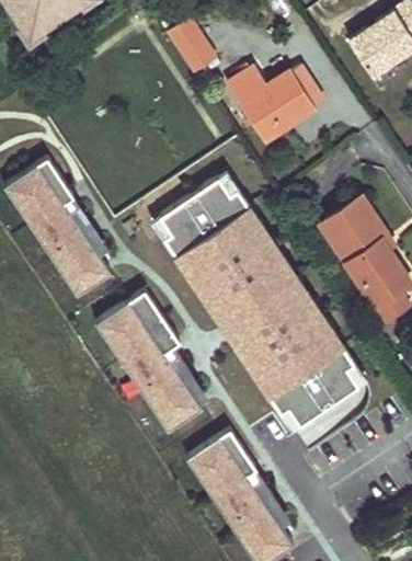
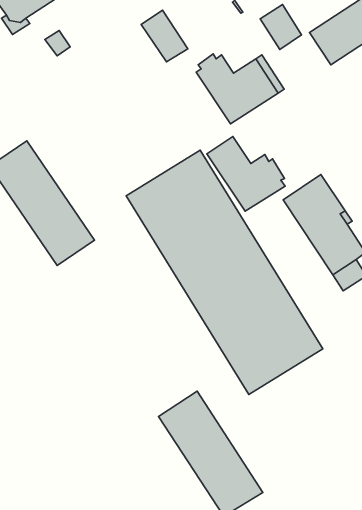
building: none -> [260,4,302,49]
building: none -> [207,137,285,211]
building: [100,293,208,432] -> none

